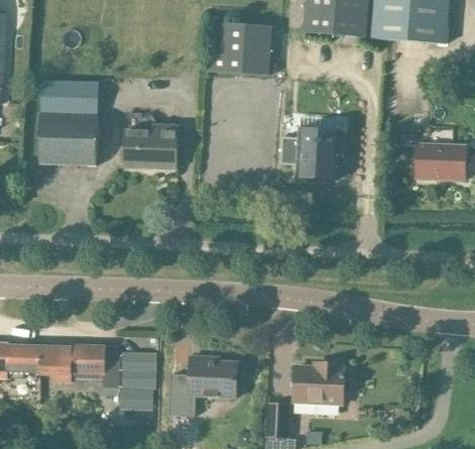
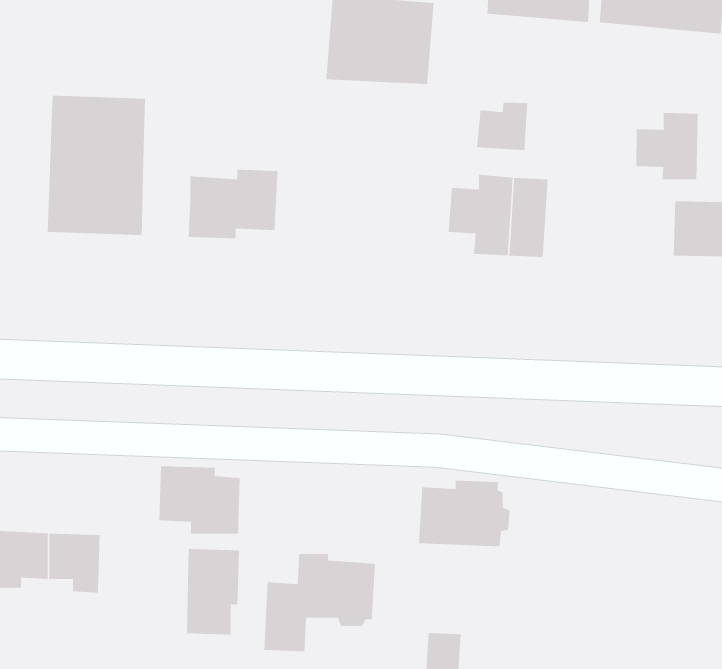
building: none -> [476,102,528,151]
building: none -> [636,112,698,180]
building: [70,345,119,386] -> [158,466,241,534]
building: [292,362,348,403] -> [418,480,510,547]

